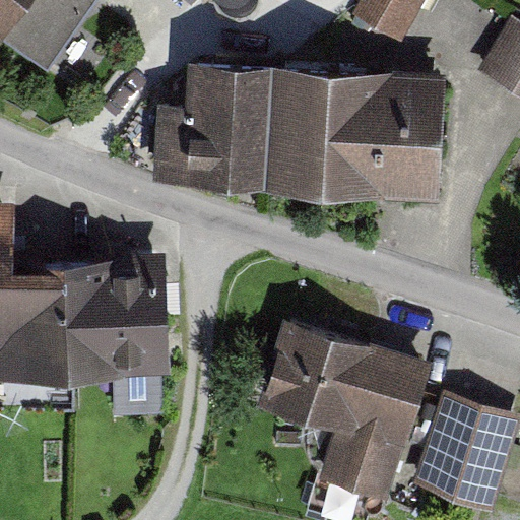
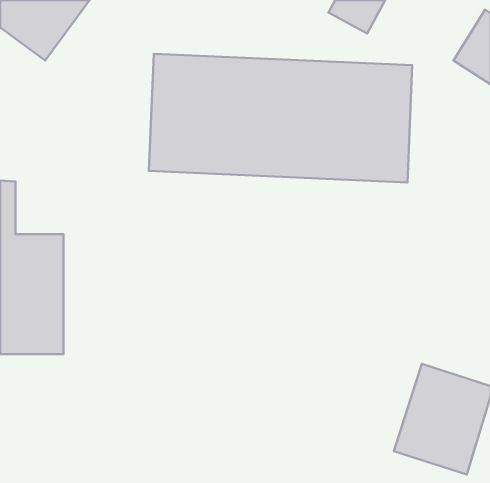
building: [68,256,170,374] -> none
building: [245,328,414,498] -> none

